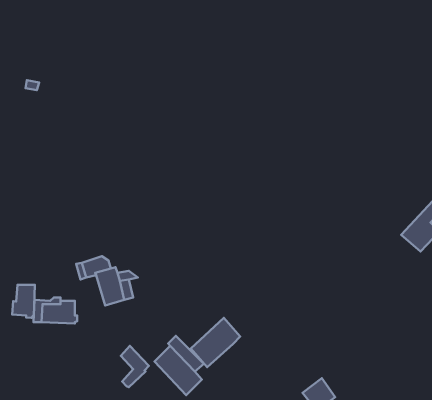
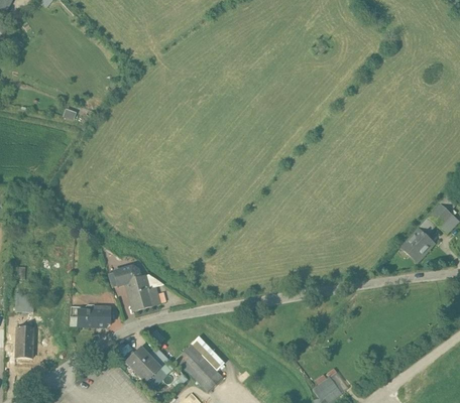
building: [12,285,35,318] -> none
building: [191,318,240,367] -> none
building: none -> [125,347,159,382]

